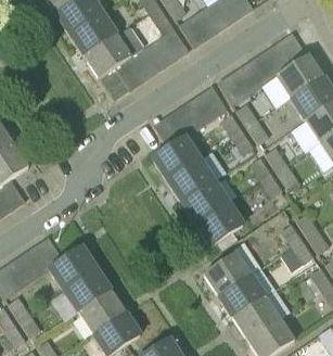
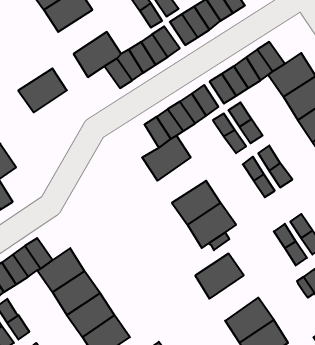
building: [69,12,117,55] -> [18,68,67,112]
building: [167,157,215,202] -> none
building: [218,274,266,318] -> none

